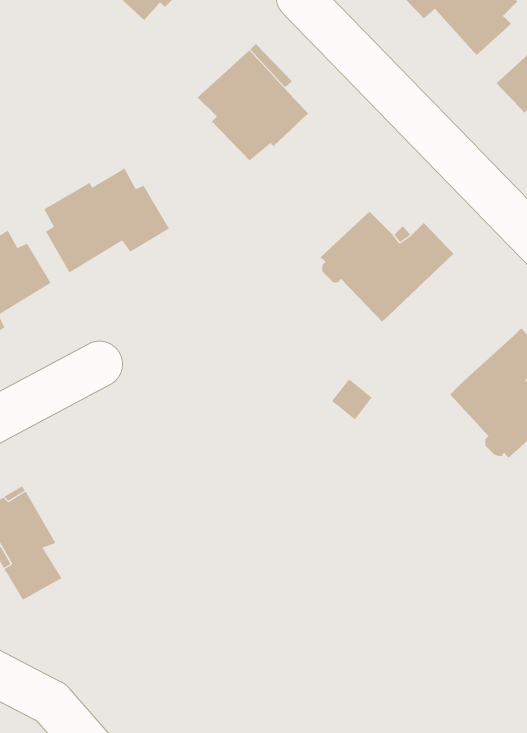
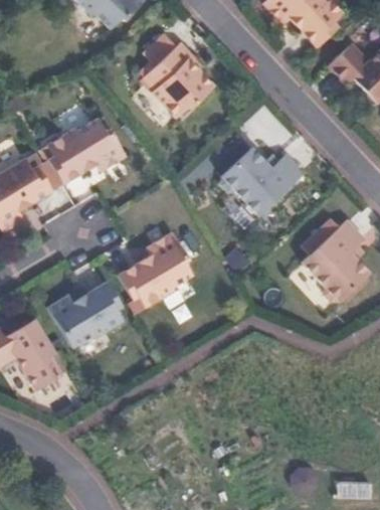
building: none -> [117,232,191,308]
building: none -> [42,282,123,347]

